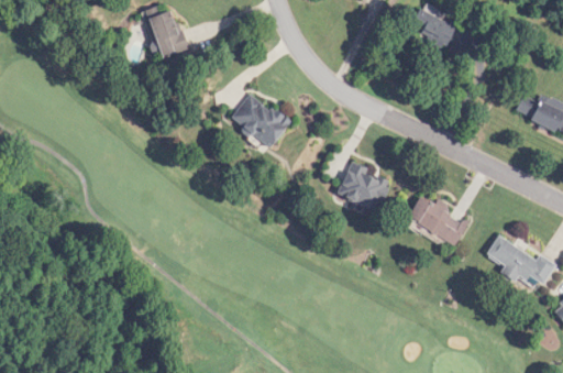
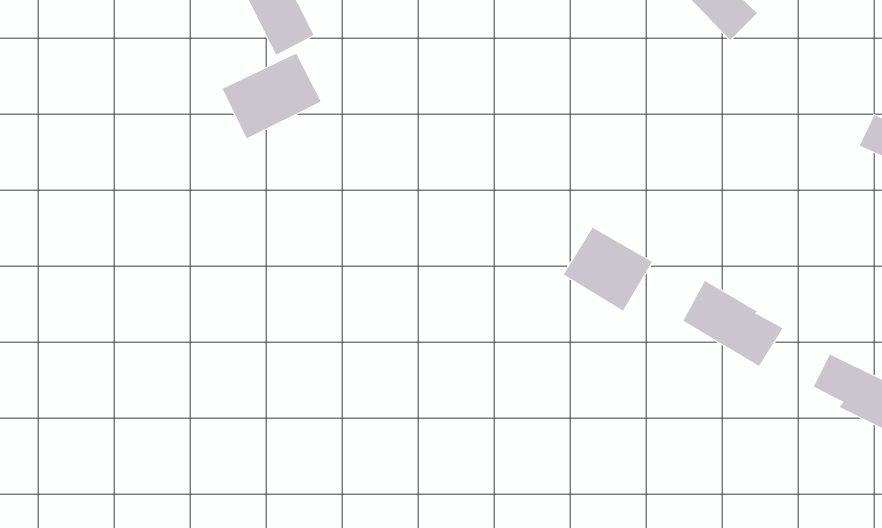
building: none -> [222,53,321,139]
building: [231,95,290,150] -> none

